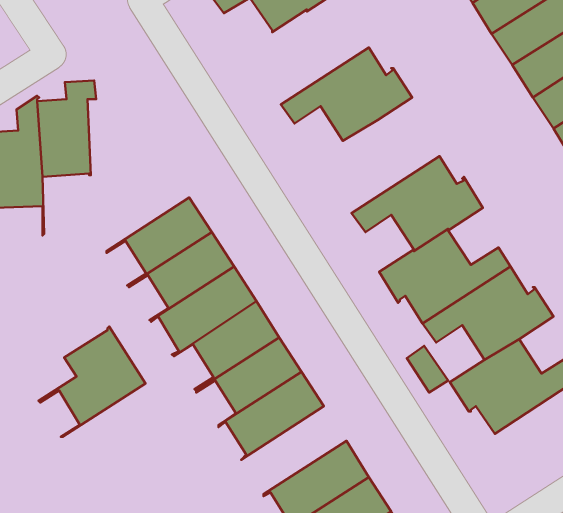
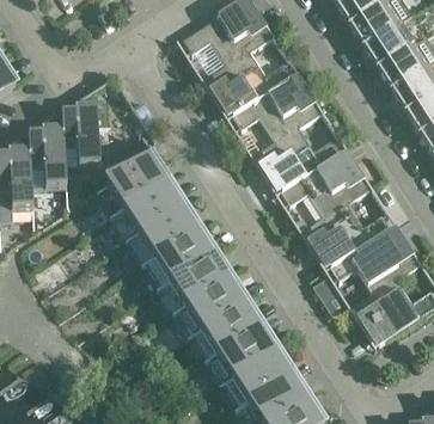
building: none -> [201,49,292,115]
building: none -> [250,125,341,190]
building: [38,327,145,437] -> [93,140,167,216]
building: none -> [203,324,276,385]

